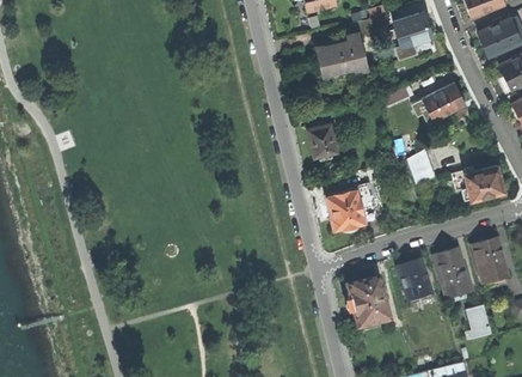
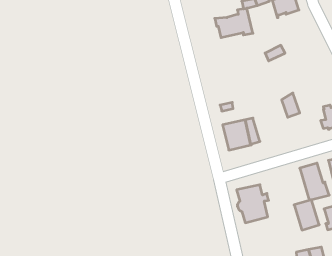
building: [422,84,465,122] -> none
building: [308,124,336,160] -> none
building: [397,260,431,302] -> [294,200,319,230]

